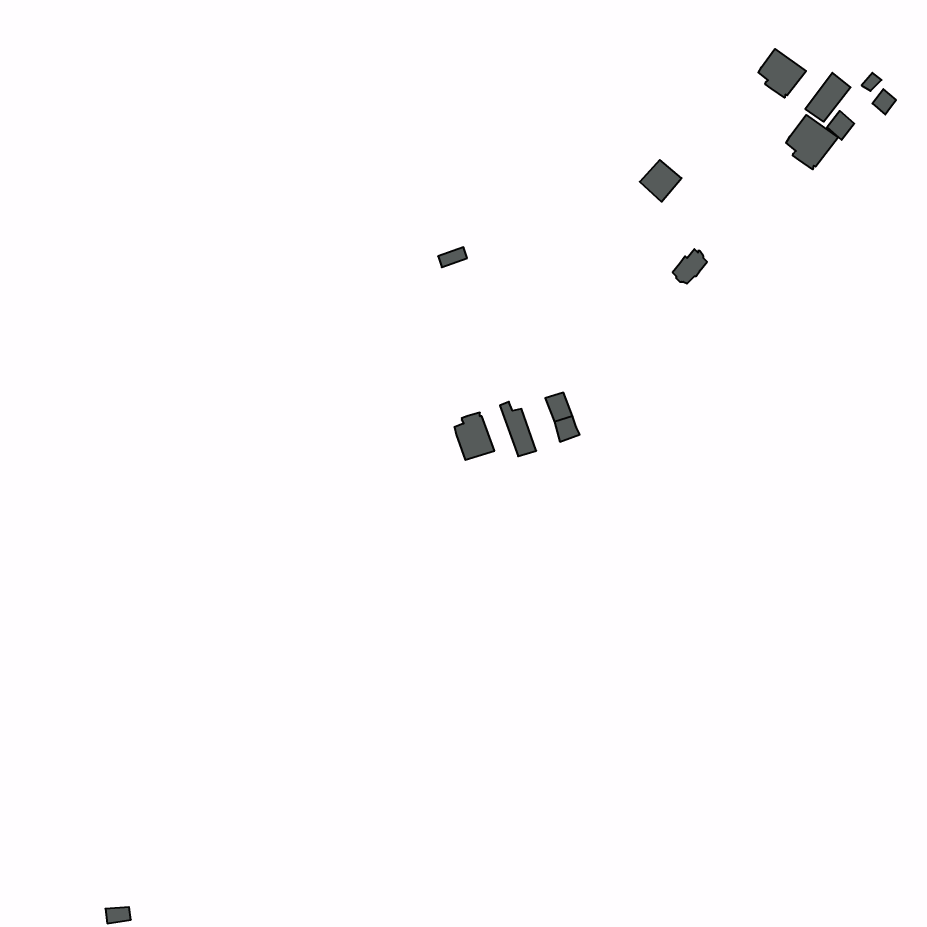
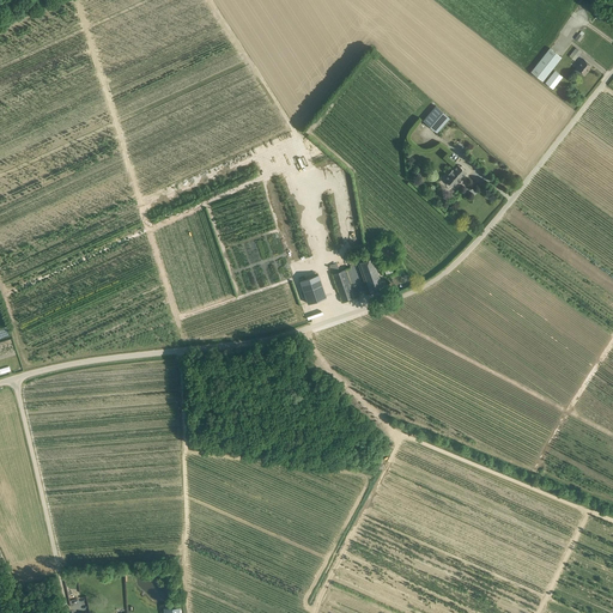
building: [758,49,806,98] -> none
building: [786,115,838,169] -> none

